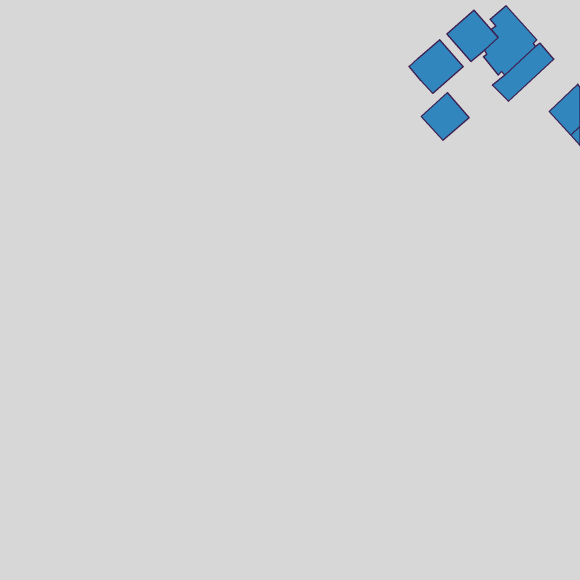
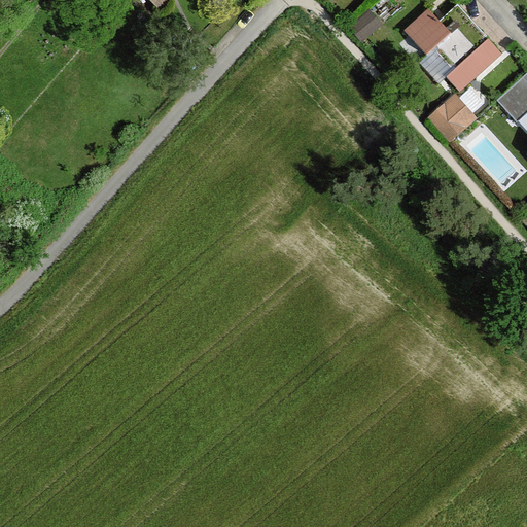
building: [409,40,463,93] -> none
building: [421,93,469,140] -> [431,97,475,140]

